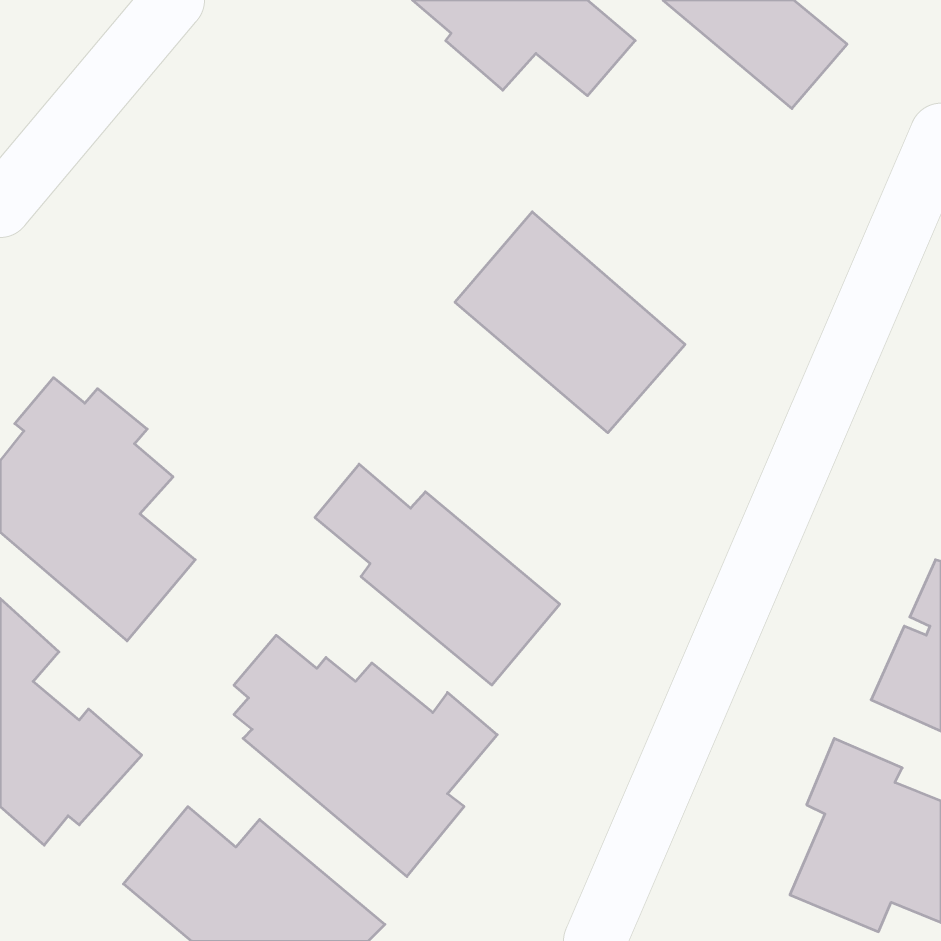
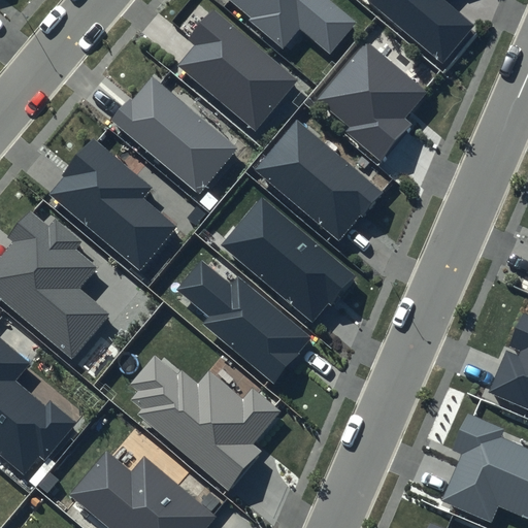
building: none -> [179,9,297,130]
building: none -> [317,41,425,162]
building: none -> [112,75,237,194]
building: none -> [48,140,178,271]
building: none -> [221,197,354,324]

